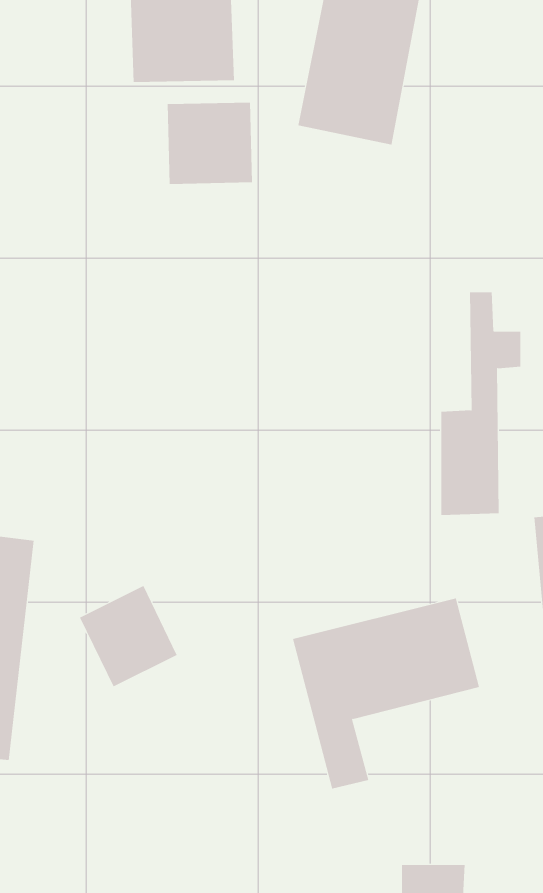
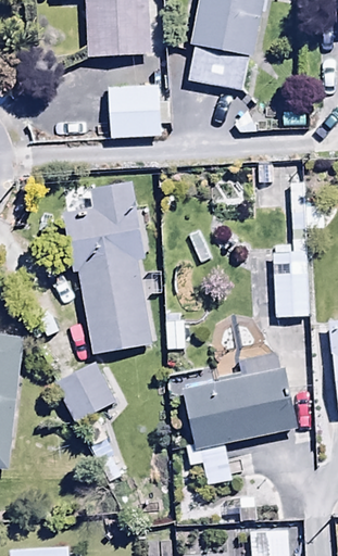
building: none -> [62,181,151,354]

